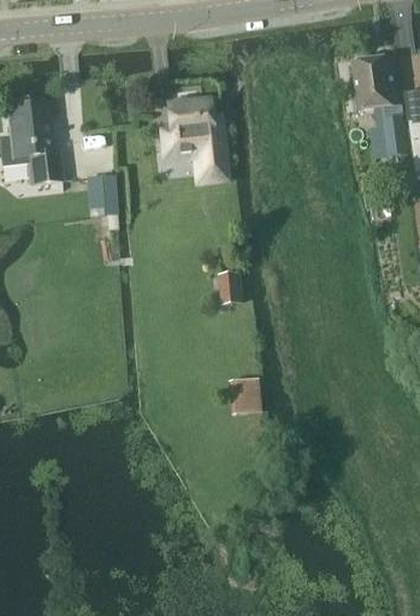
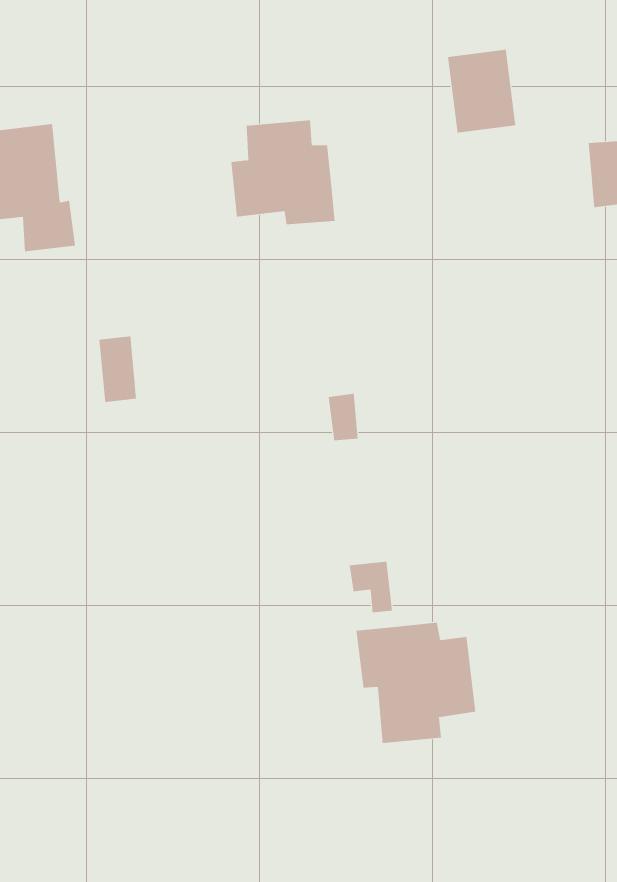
building: [353,58,396,111] -> [447,49,516,133]
building: [95,173,119,215] -> [99,336,137,403]
building: none -> [356,622,476,744]

